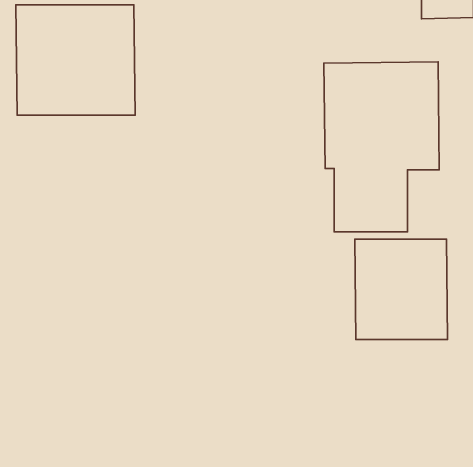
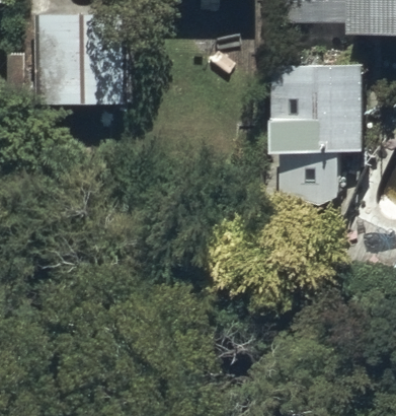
building: [355,239,448,340] -> none

